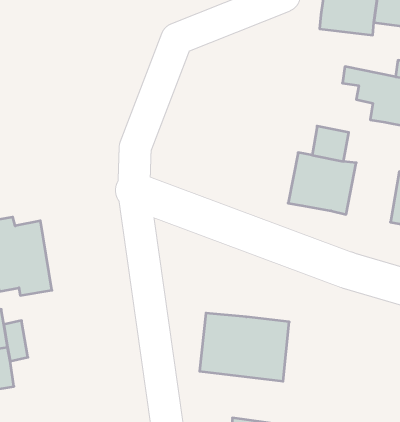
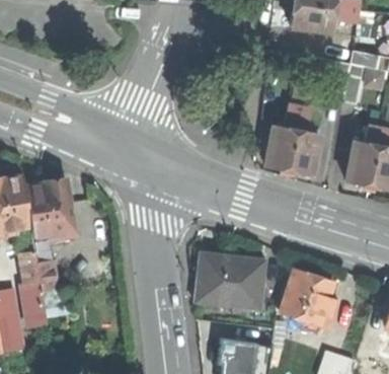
building: none -> [281,269,334,331]

